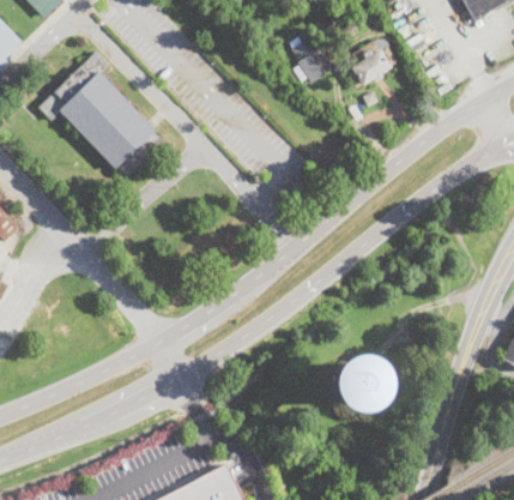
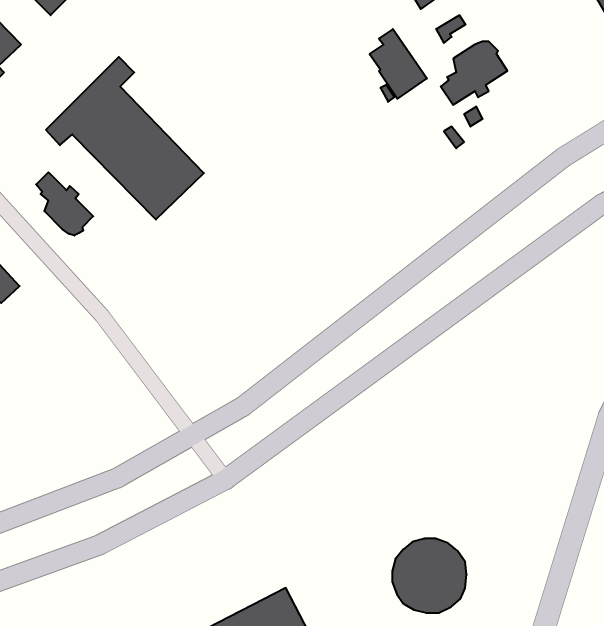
building: none -> [36,172,93,236]
building: [334,353,392,410] -> [392,539,467,613]

